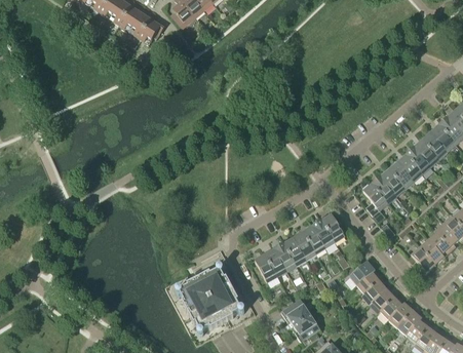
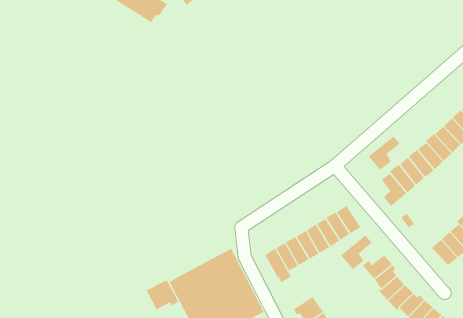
building: none -> [368,135,400,171]
building: none -> [340,234,373,270]
building: none -> [146,279,179,310]

